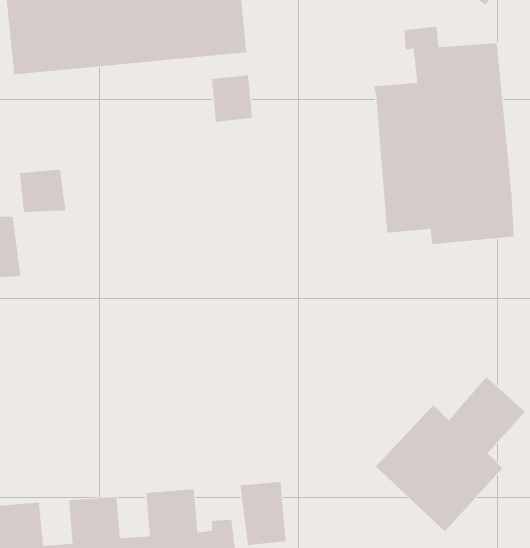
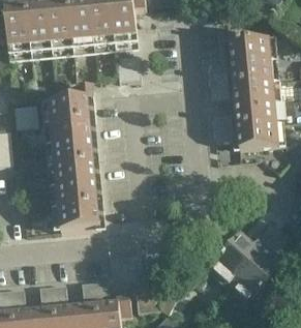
building: none -> [49,86,100,232]

